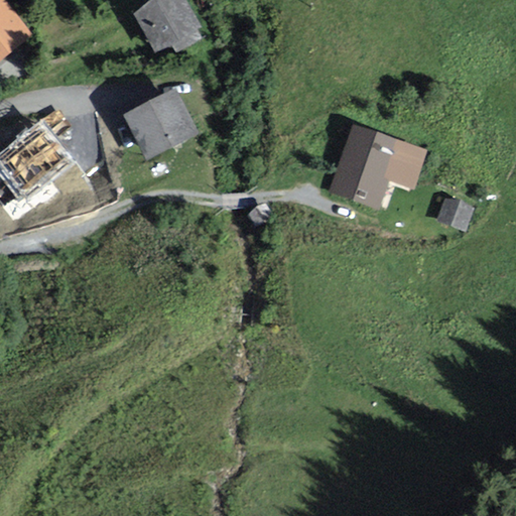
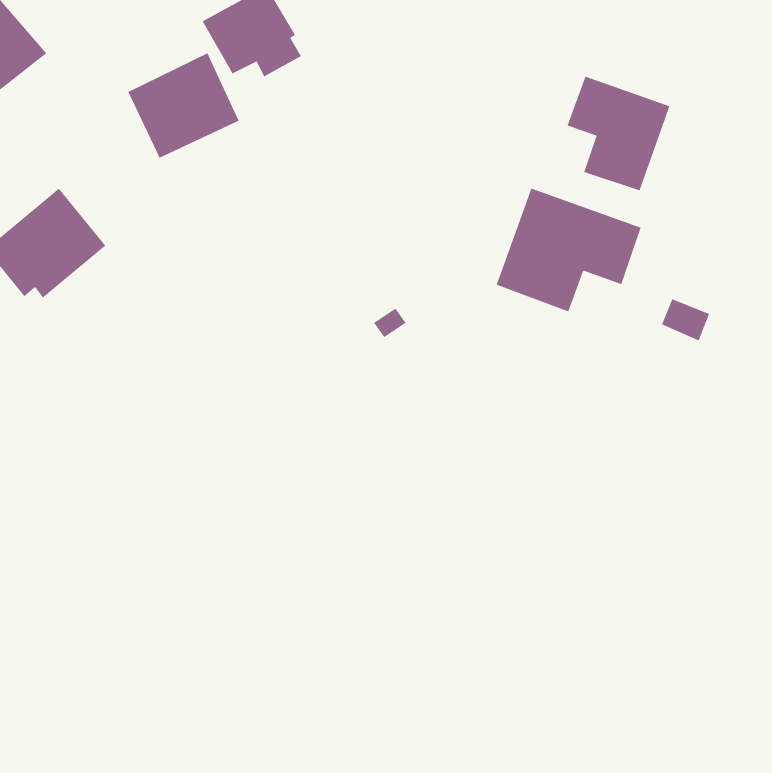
building: none -> [567,76,670,191]
building: [123,86,198,156] -> [127,53,240,159]

